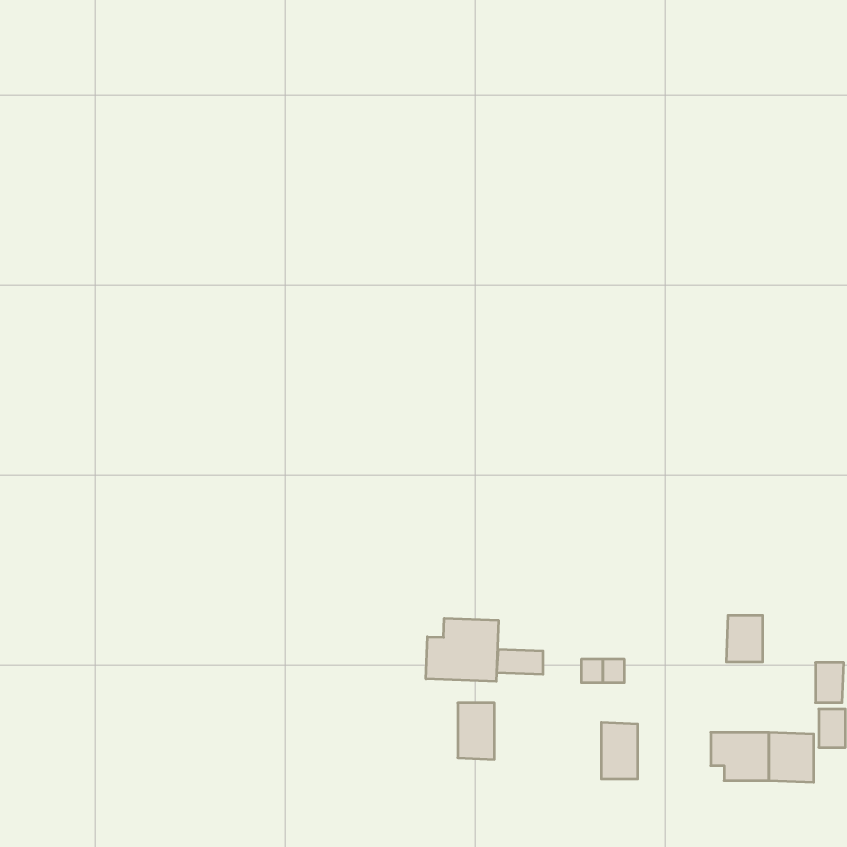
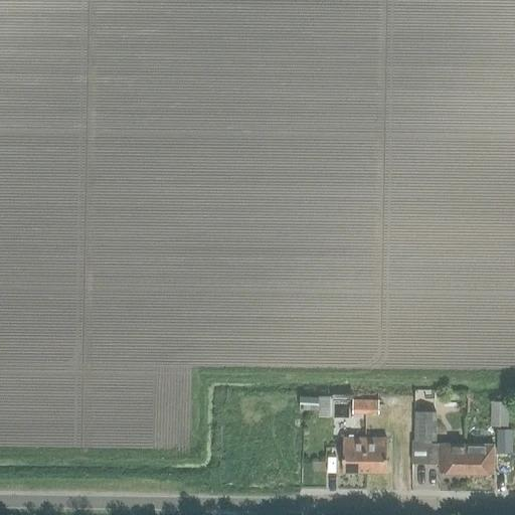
building: [726,615,763,662] -> [413,411,436,440]
building: [426,618,498,681] -> none
building: [458,703,494,759] -> [342,438,364,472]

